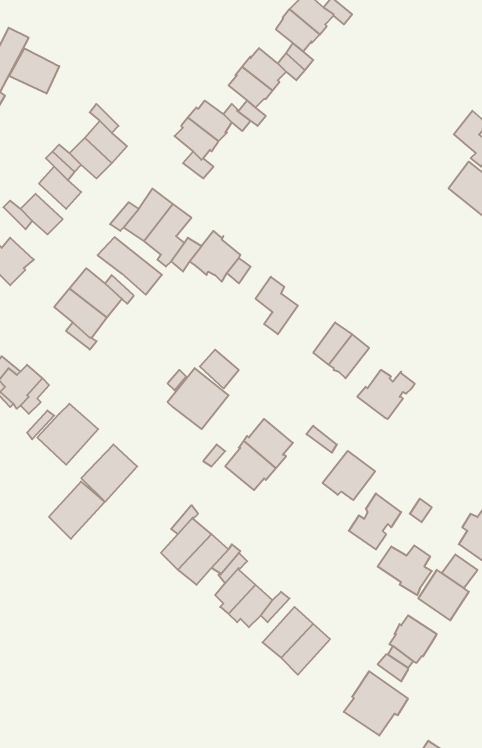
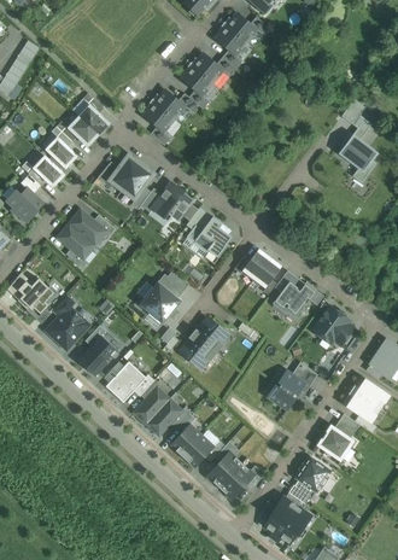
building: [9,48,59,94] -> none
building: [98,237,162,295] -> none
building: [323,451,375,500] -> [312,307,350,342]
building: [49,481,105,539] -> [106,362,146,403]
building: [378,545,432,595] -> none

